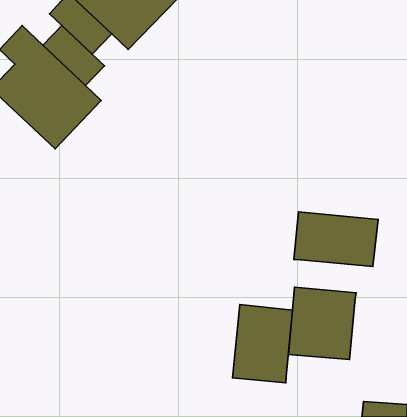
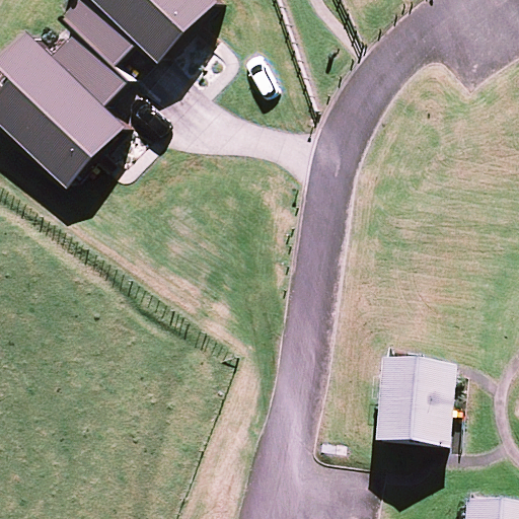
building: [294,212,378,267] -> none
building: [233,305,292,383] -> none

